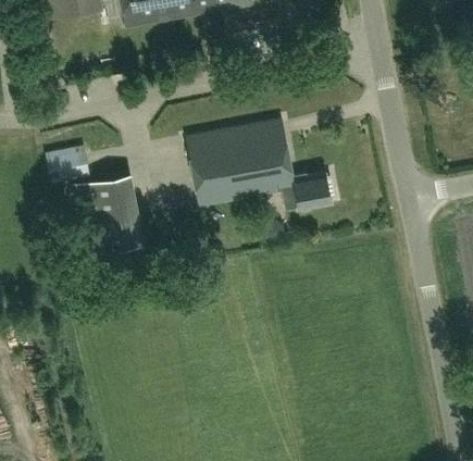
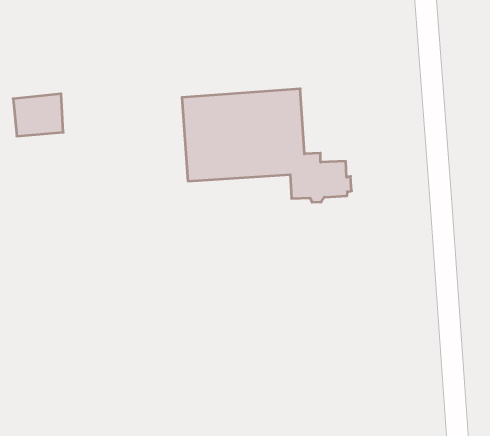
building: [74,174,144,254] -> none

